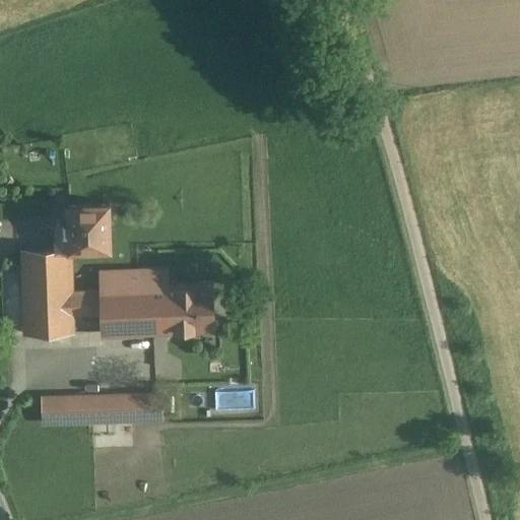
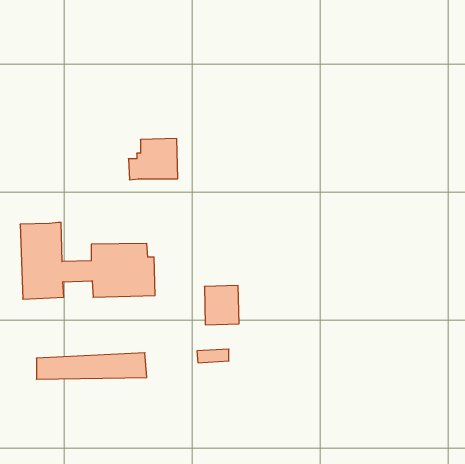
building: [54,205,109,251] -> [128,139,178,180]
building: [172,287,210,331] -> [204,286,239,325]

